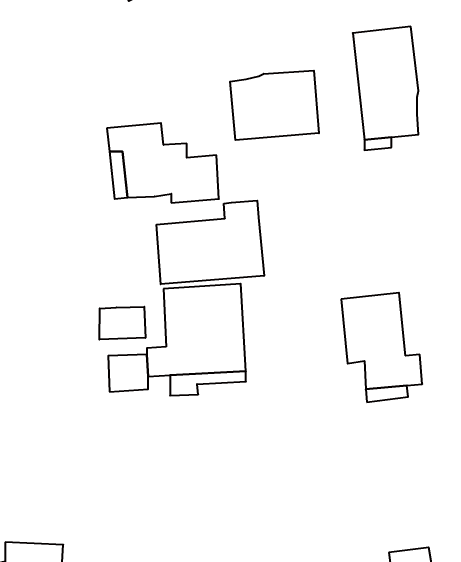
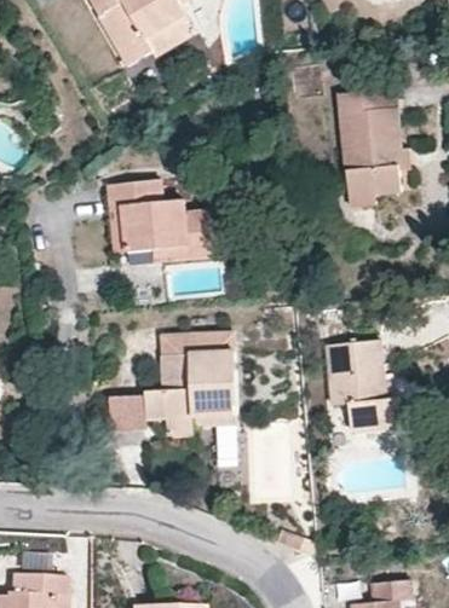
building: [230,71,319,140] -> none
building: [157,201,264,284] -> none
building: [99,307,145,340] -> none

